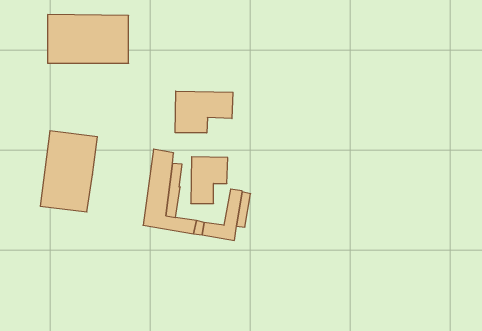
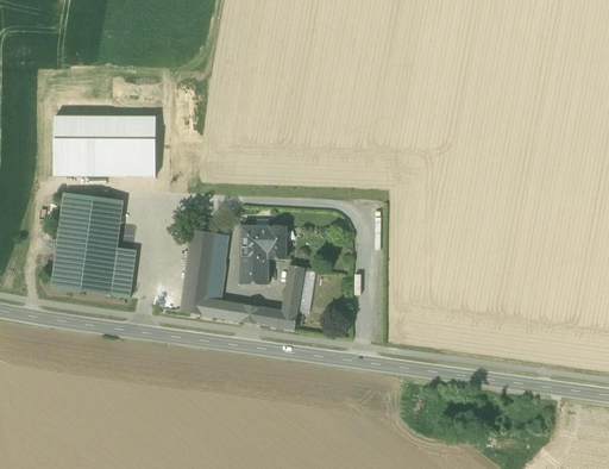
building: [48,15,129,63] -> [54,114,155,175]
building: [175,91,233,133] -> none
building: none -> [109,246,136,296]

